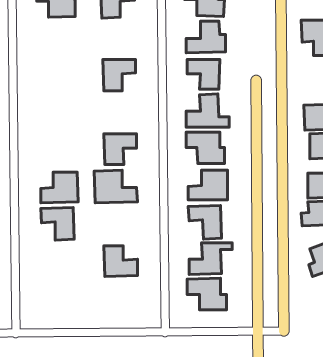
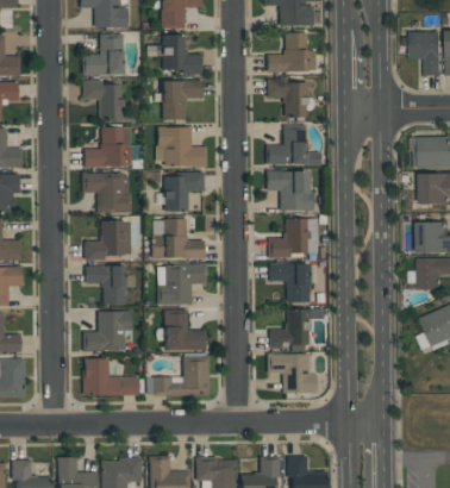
building: none -> [83,33,124,75]
building: none -> [162,36,202,75]
building: none -> [83,80,124,120]
building: none -> [85,127,132,168]
building: none -> [157,127,207,165]
building: none -> [82,173,131,214]
building: none -> [158,265,207,305]
building: none -> [83,311,132,351]
building: none -> [155,356,210,396]
building: none -> [83,358,140,396]

